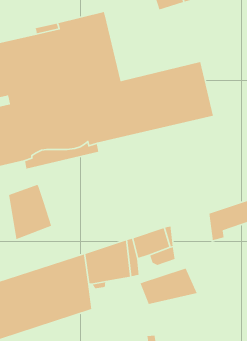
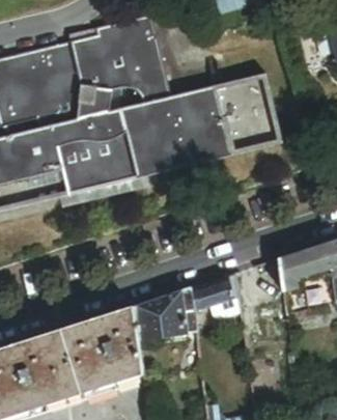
building: [8,184,52,240] -> none
building: [140,267,198,305] -> none

